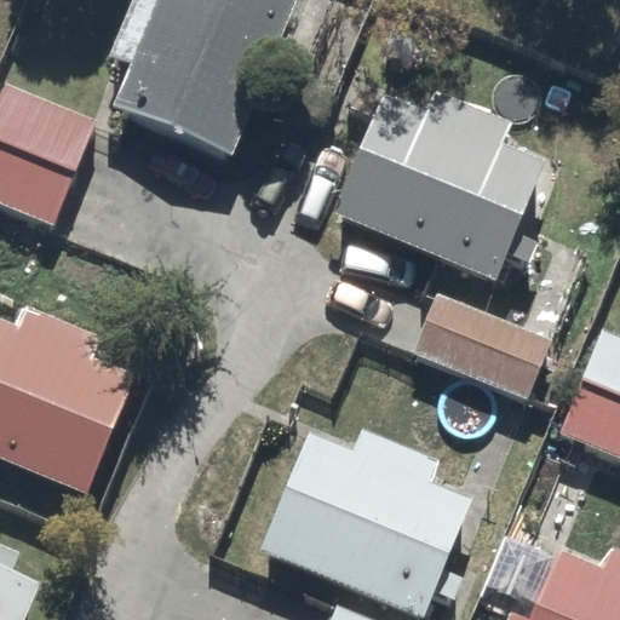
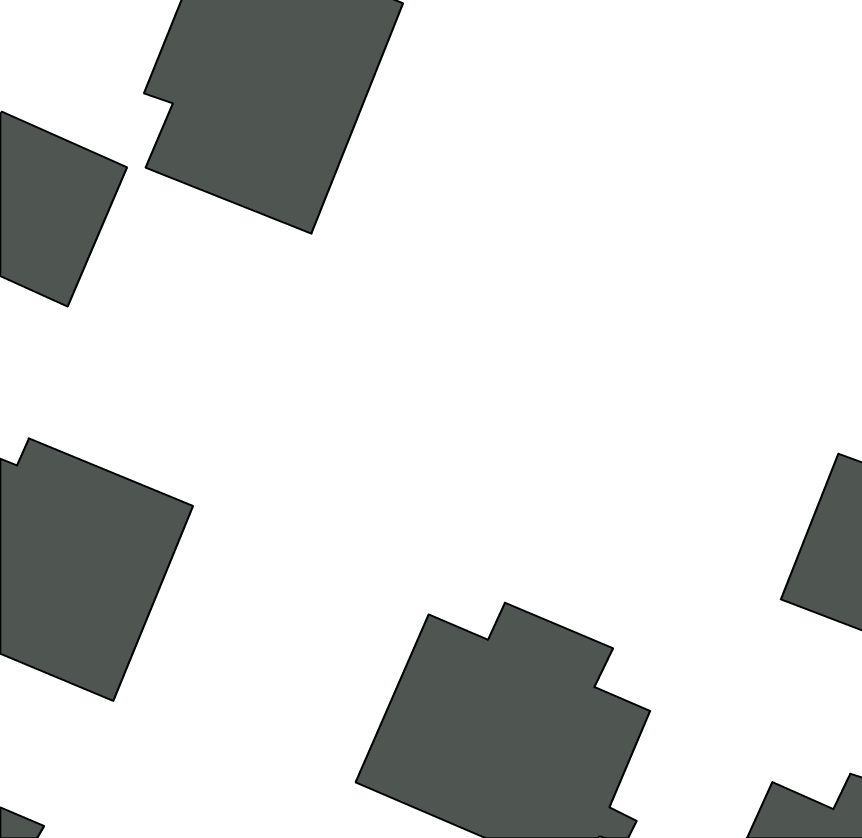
building: [331,98,540,291] -> none
building: [411,287,551,394] -> none

